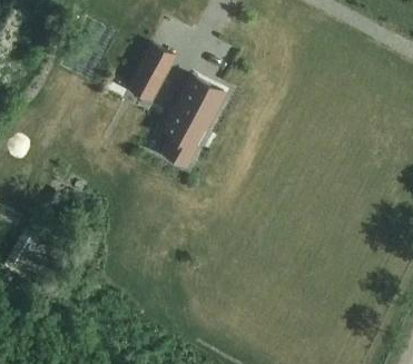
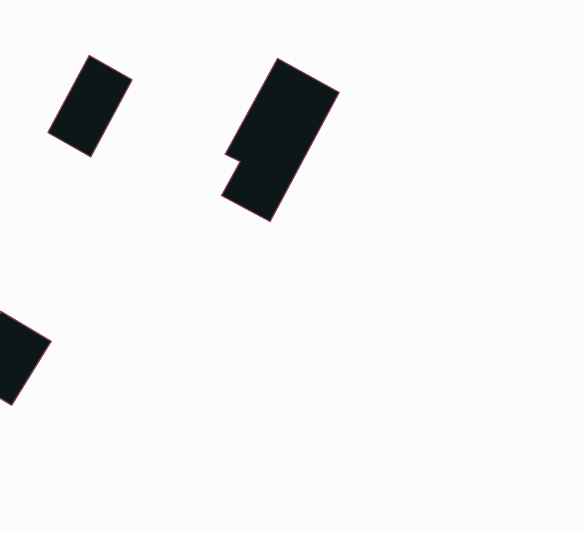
building: [125,43,175,104] -> [48,56,132,157]

